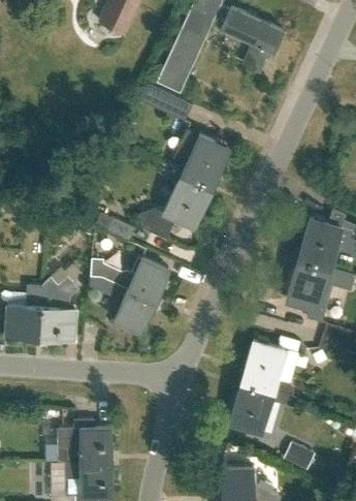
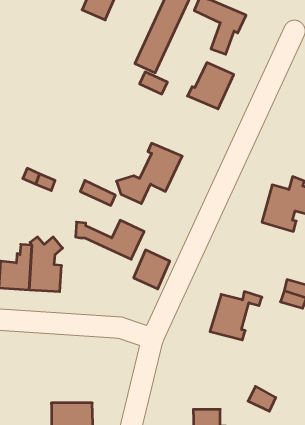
building: [176,136,228,188] -> [187,63,234,109]
building: [287,261,334,311] -> none
building: [114,290,154,334] -> [134,250,170,289]
building: [230,383,278,433] -> none
building: [58,422,110,463] -> none

